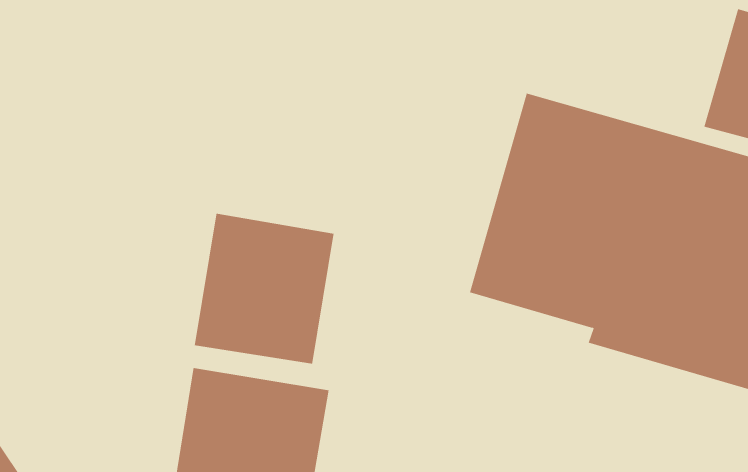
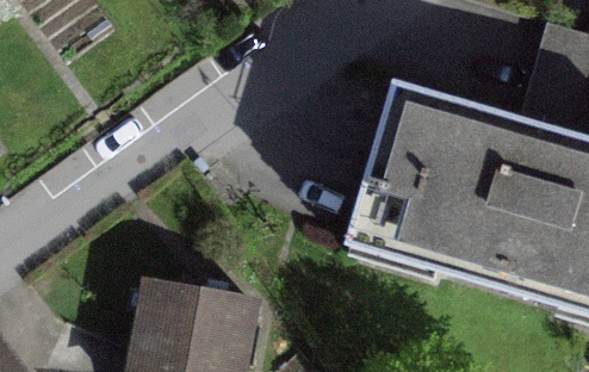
building: [194,213,334,365] -> none

